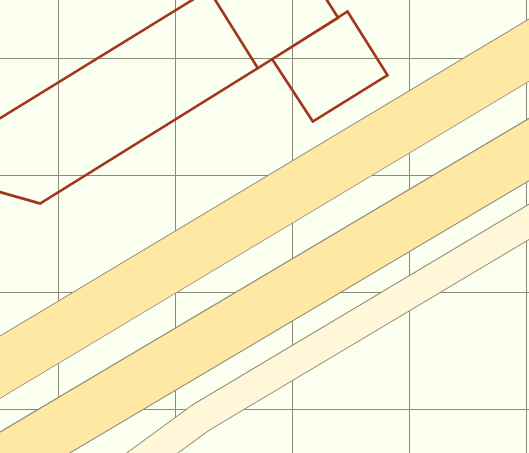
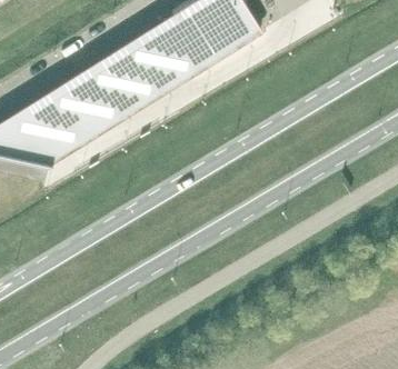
building: [272,12,387,122] -> none

